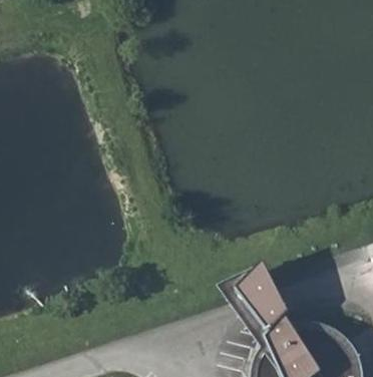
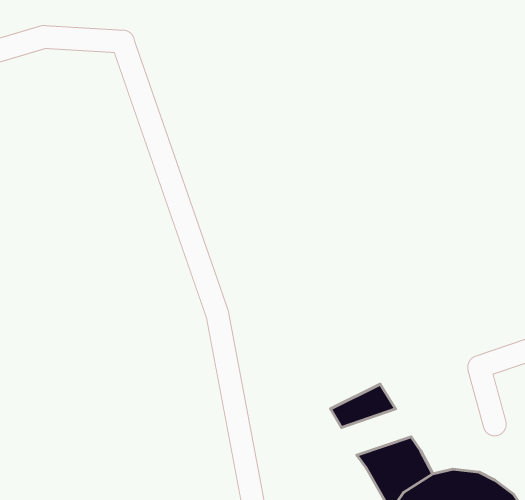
building: [238,285,283,315] -> none

